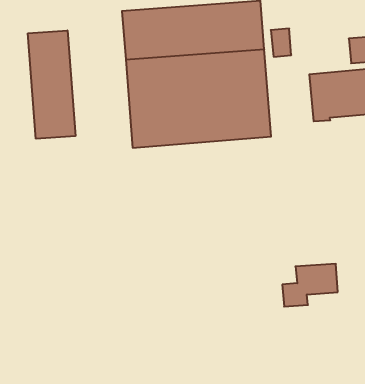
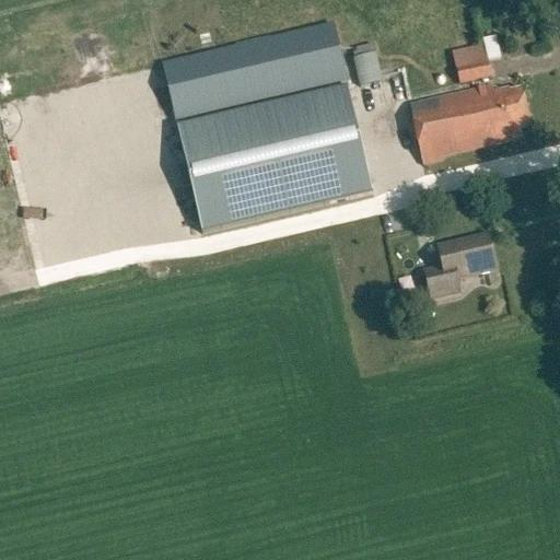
building: [28,30,75,139] -> none
building: [282,264,338,307] -> [424,234,495,298]

